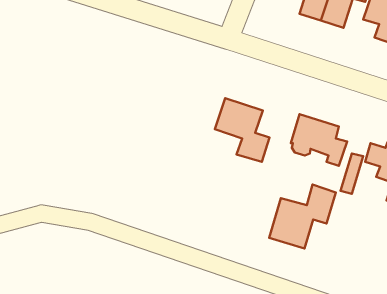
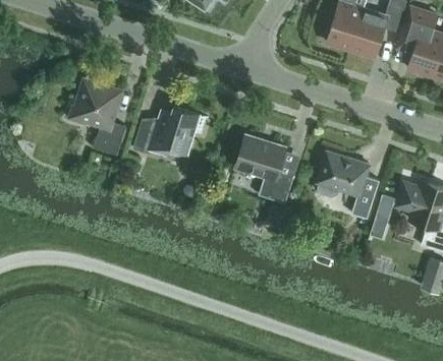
building: none -> [68,77,126,154]
building: none -> [133,106,209,154]
building: [269,185,336,248] -> none

